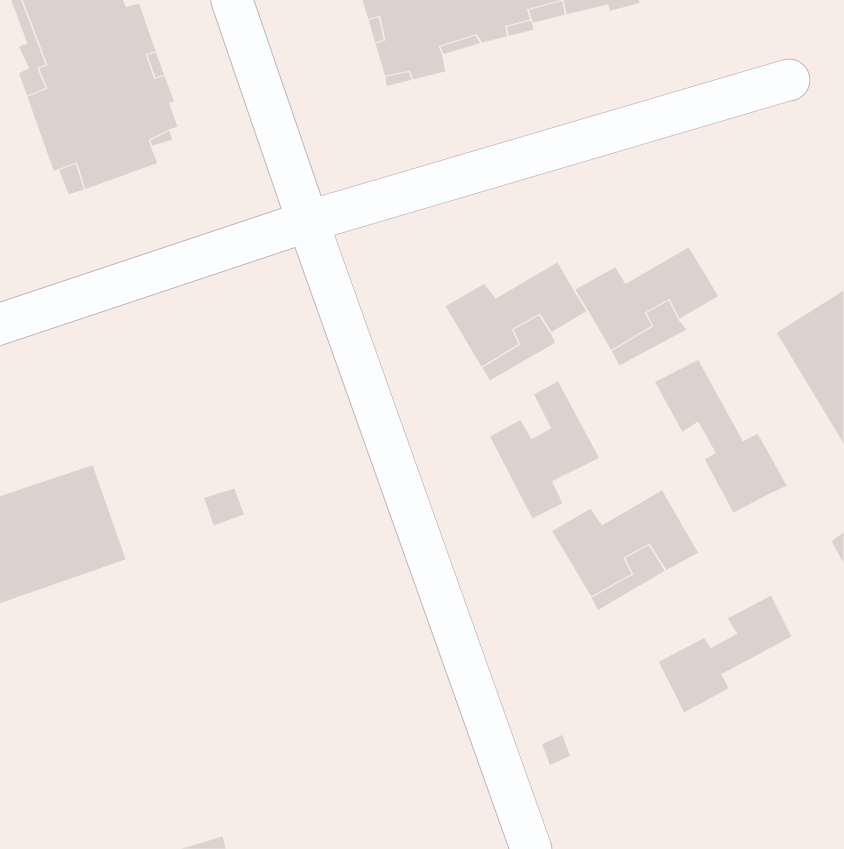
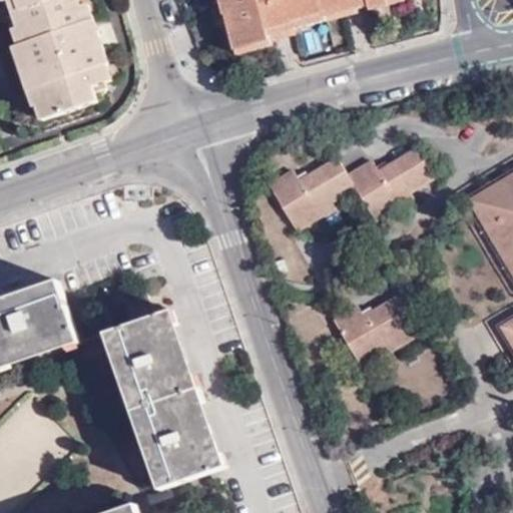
building: [654,359,788,514] -> none
building: [489,380,600,519] -> none
building: none -> [103,311,218,489]
building: [658,595,792,714] -> none

